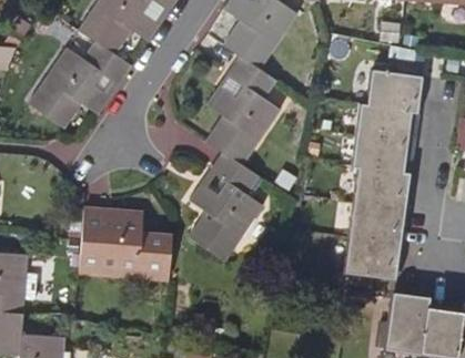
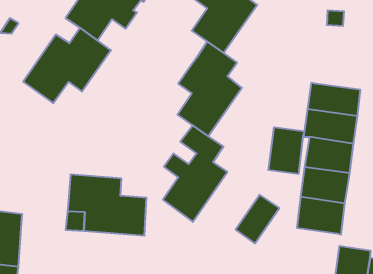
building: [366,68,422,112] -> none
building: none -> [268,127,304,174]
building: none -> [236,195,279,243]

